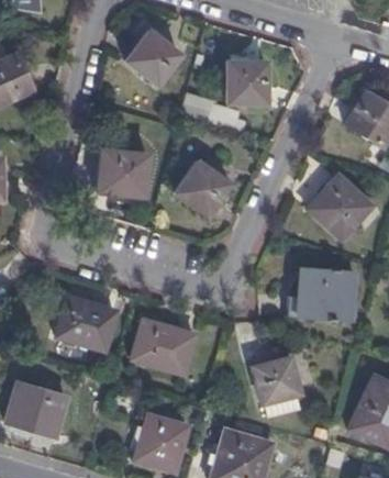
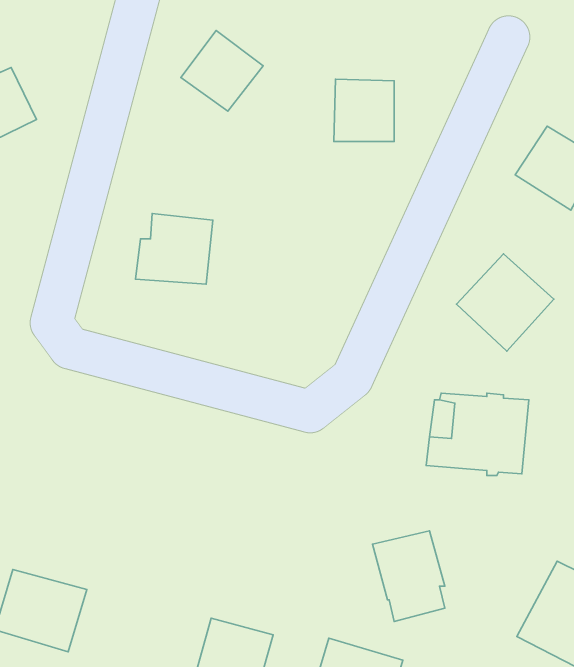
building: [177,162,230,214] -> none
building: [56,298,116,351] -> none
building: [131,319,196,375] -> none

